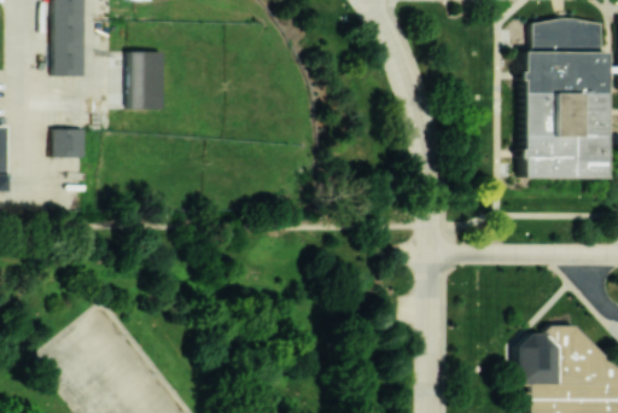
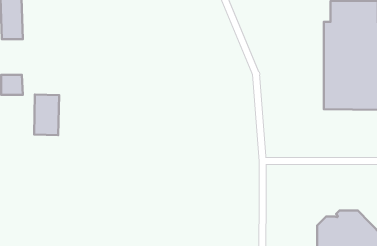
building: [133,51,169,110] -> [34,94,59,135]

